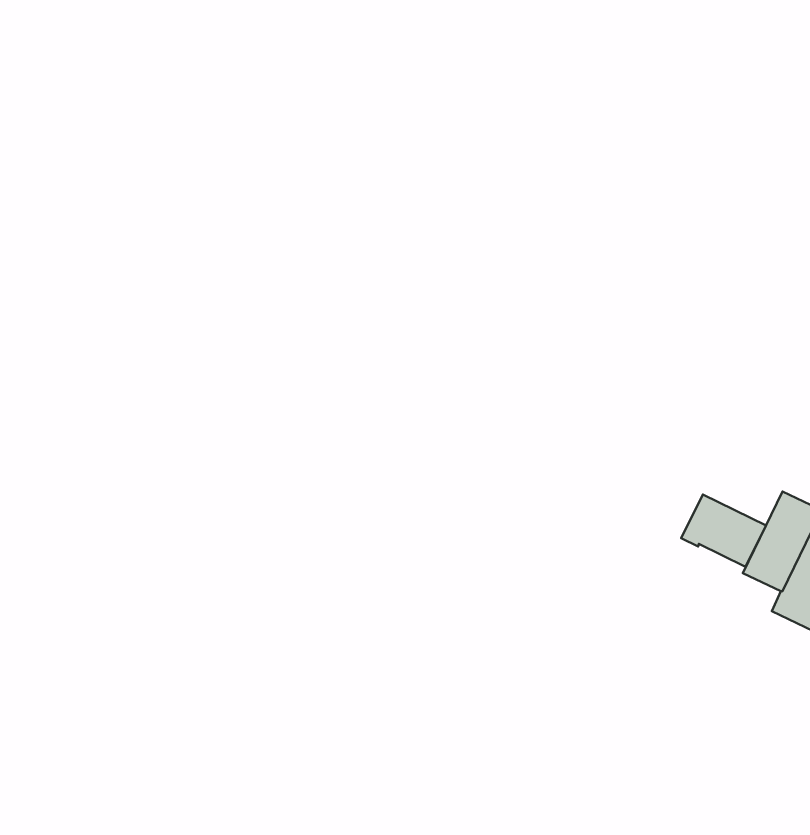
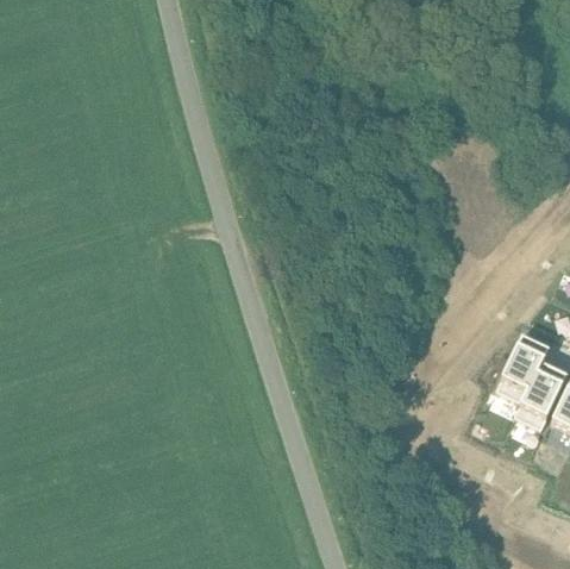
building: [681,495,766,567] -> none

